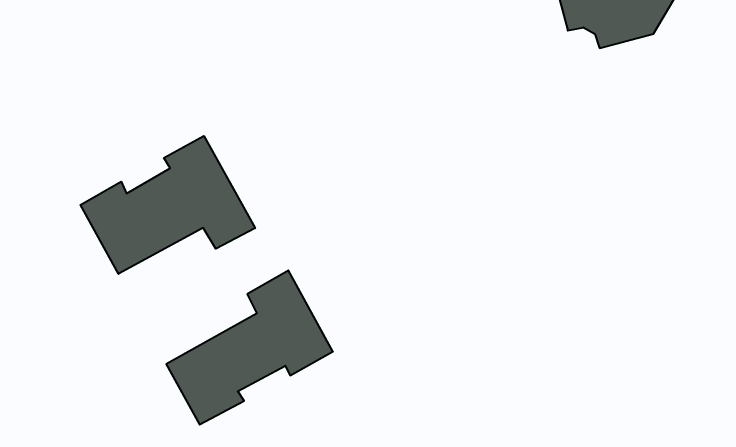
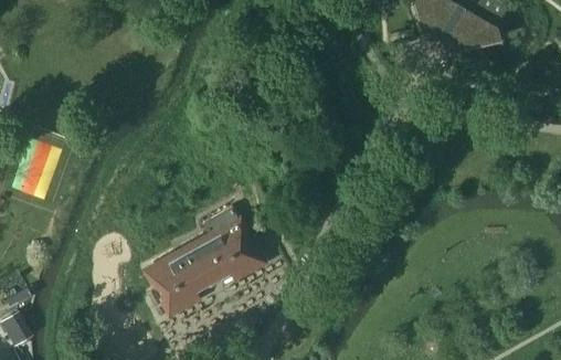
building: [80,136,255,274] -> none

